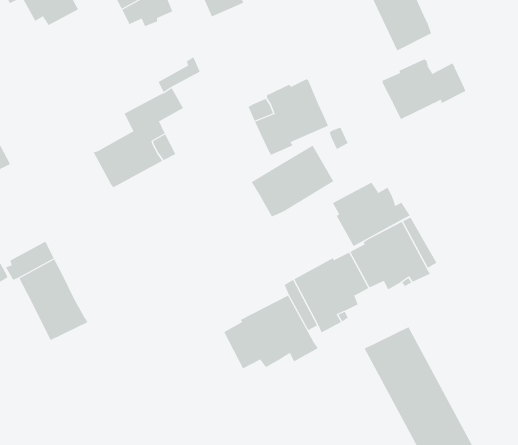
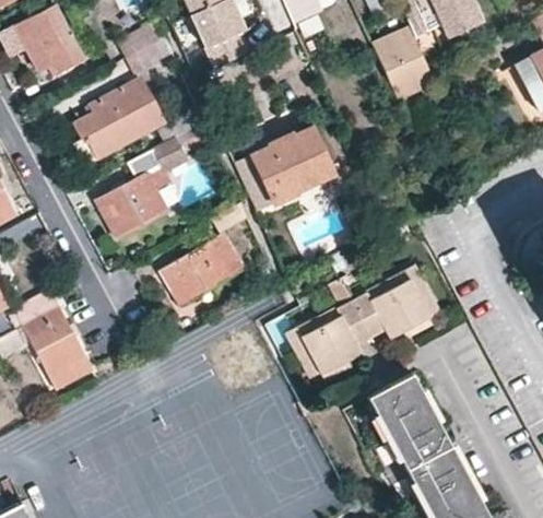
building: none -> [73,81,163,166]
building: [382,58,466,120] -> none
building: [251,145,334,217] -> [161,233,244,305]
building: [332,182,411,247] -> none
building: [223,295,319,369] -> none

